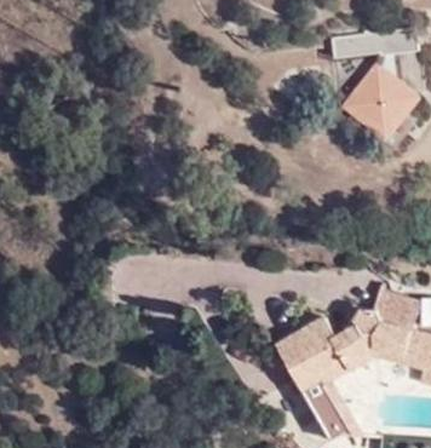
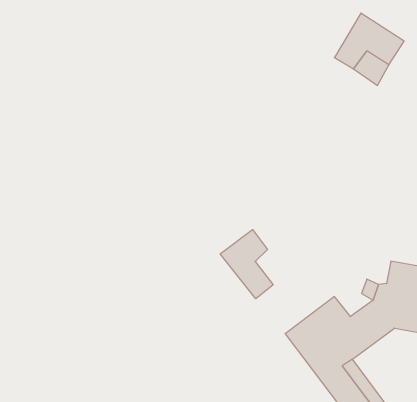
building: none -> [220,230,273,299]

